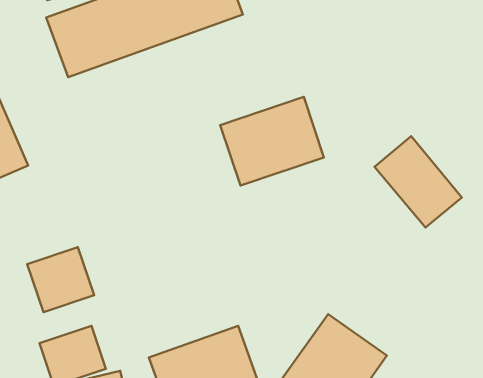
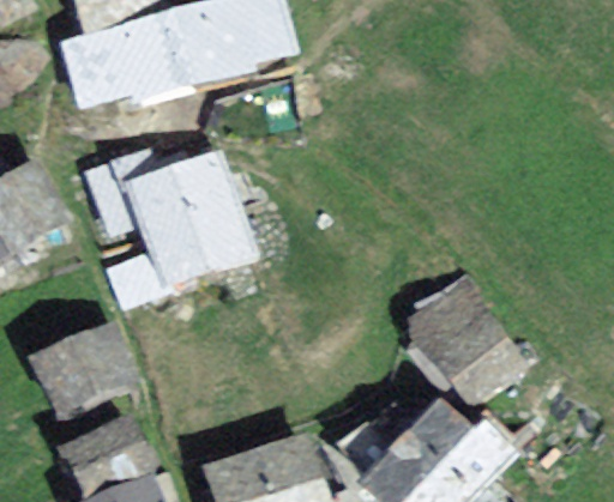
building: none -> [119,144,255,290]
building: [220,97,324,185] -> none
building: [375,136,462,227] -> [415,290,524,404]

